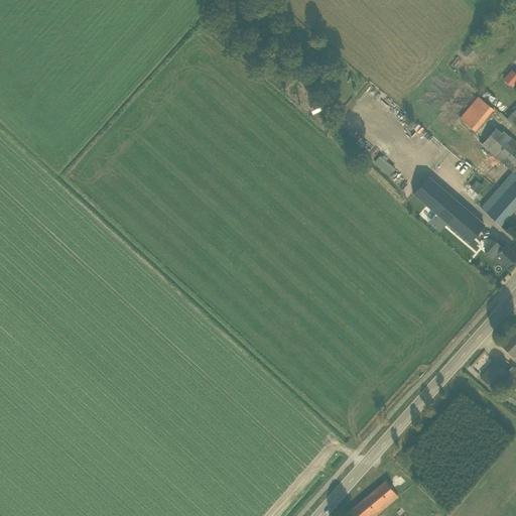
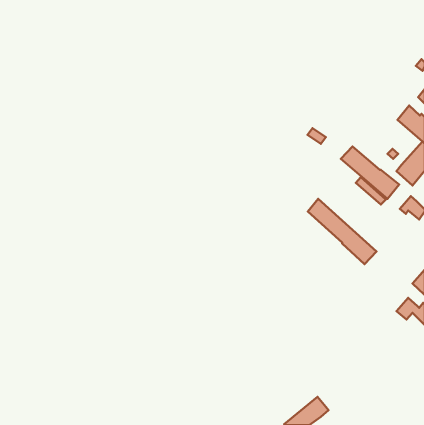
building: [461,97,495,132] -> none
building: none -> [308,199,376,264]

